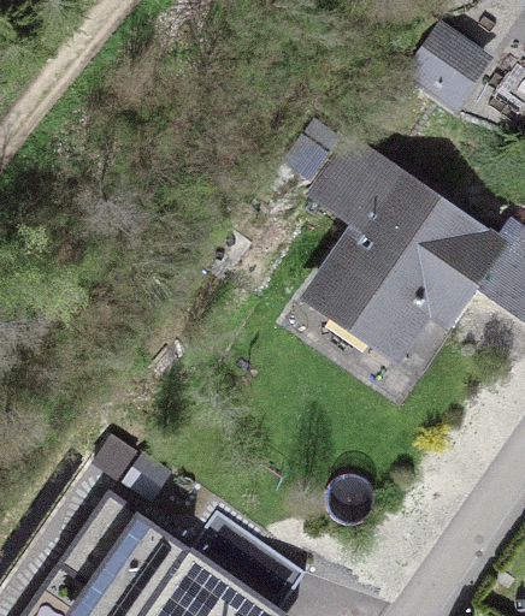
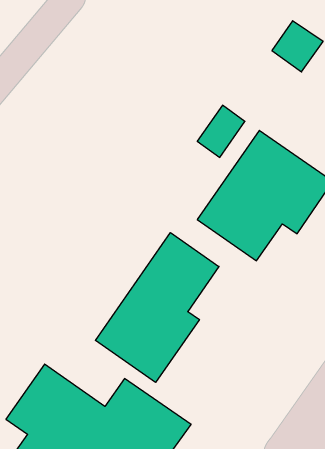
building: none -> [95,233,219,382]

